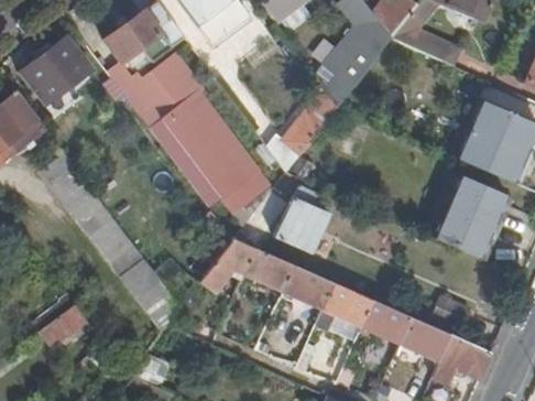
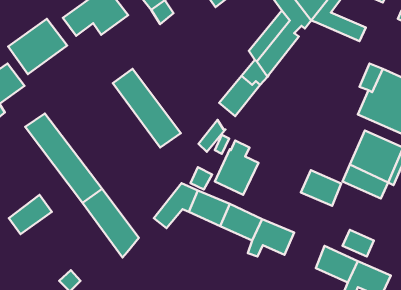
building: [95,51,259,212] -> none
building: [360,300,410,344] -> [301,170,341,206]
building: [35,301,88,349] -> [9,195,52,234]

